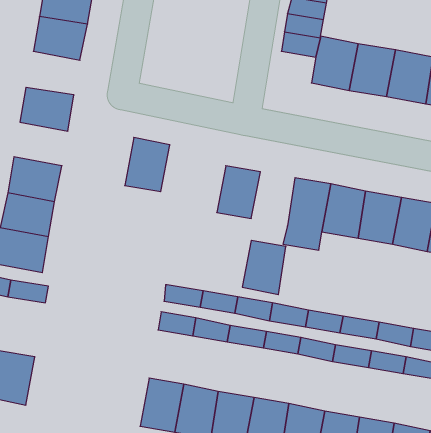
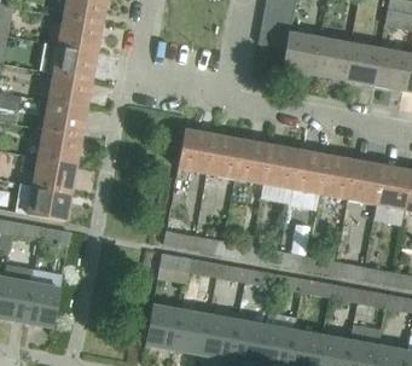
building: none -> [52,43,95,79]
building: none -> [42,100,86,135]
building: [125,137,170,192] -> [176,129,213,173]
building: [242,240,286,295] -> [233,140,268,184]

